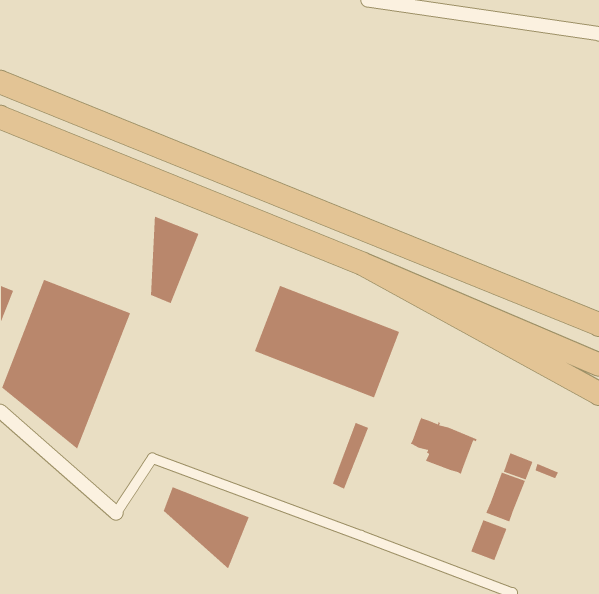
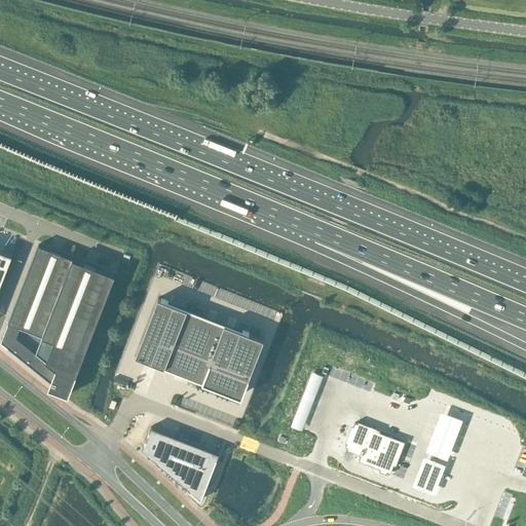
building: [150,216,199,304] -> none
building: [254,285,400,398] -> [136,301,264,401]
building: [410,417,478,475] -> [345,425,405,477]

